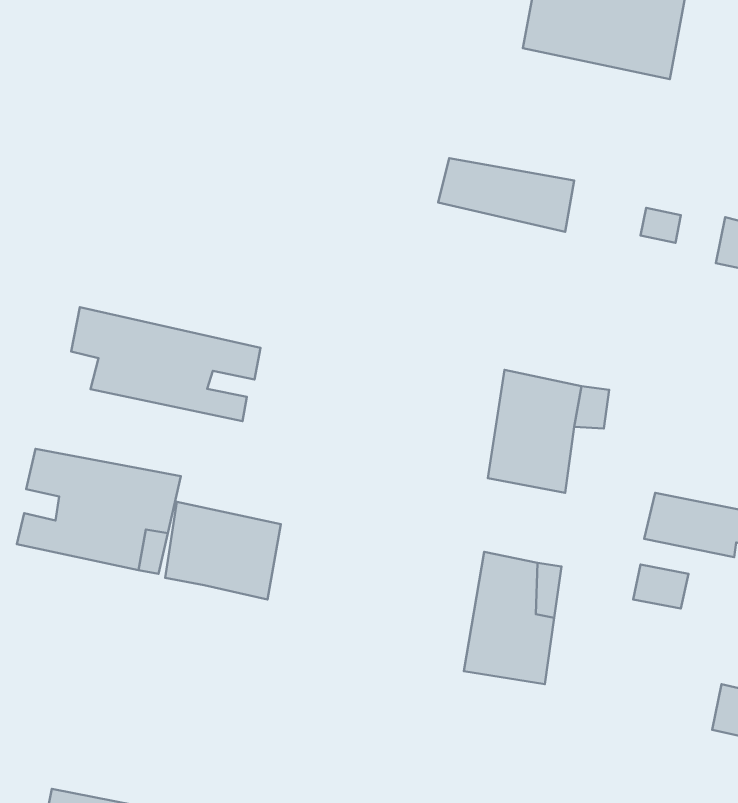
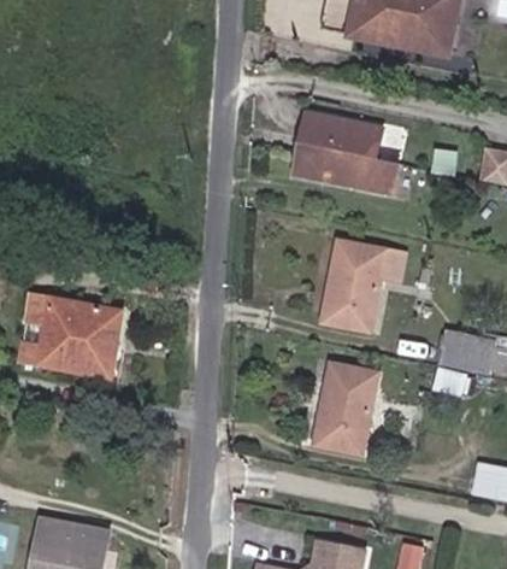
building: none -> [287,136,400,196]
building: [71,307,260,421] -> none
building: [165,502,281,600] -> none

